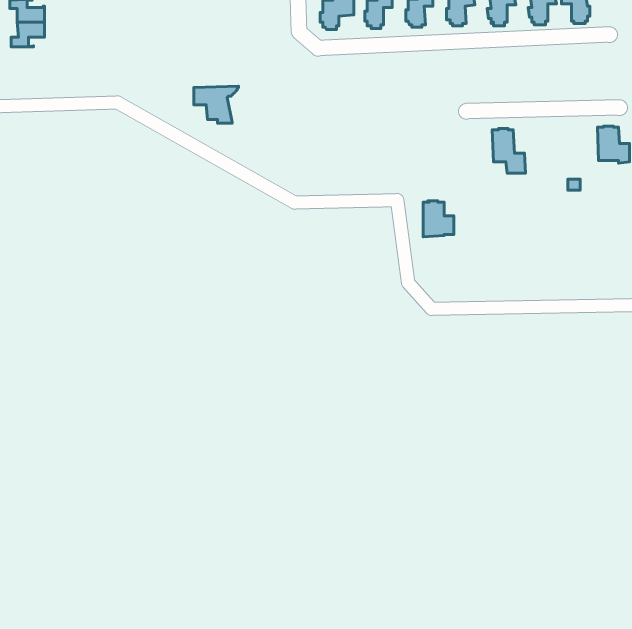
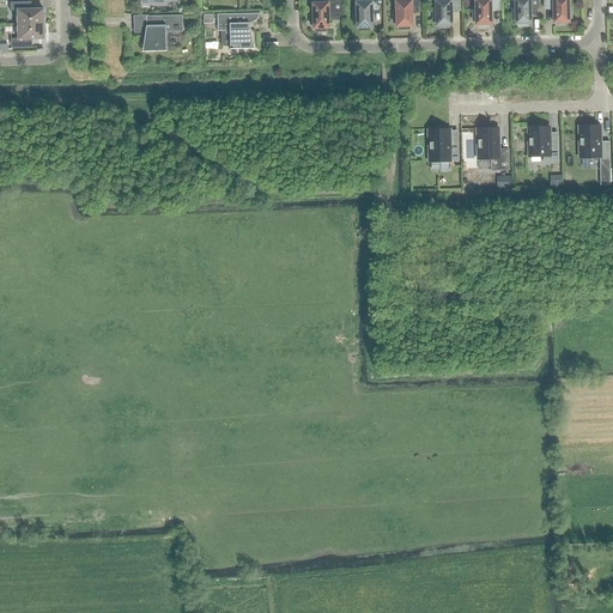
building: none -> [141,13,182,49]
building: [194,86,238,123] -> [217,11,260,47]
building: none -> [528,123,558,157]
building: [423,201,454,237] -> [429,126,459,160]

